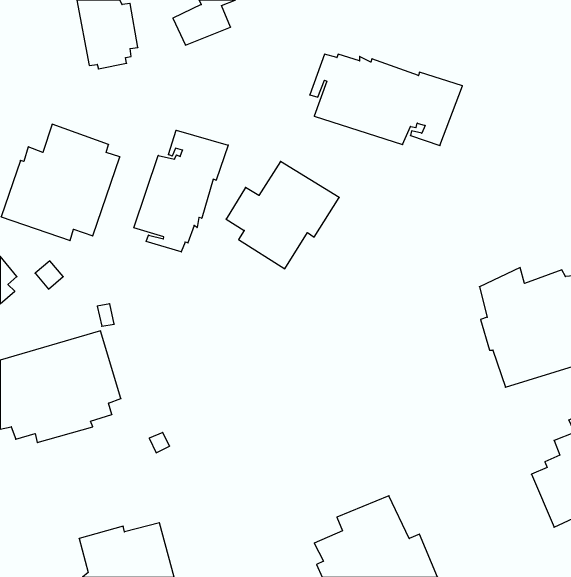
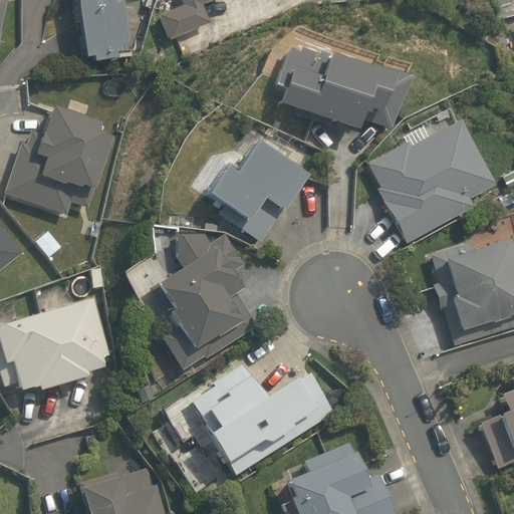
building: [134,130,228,252] -> none
building: none -> [368,122,493,244]
building: none -> [151,234,257,371]
building: none -> [193,363,333,476]

